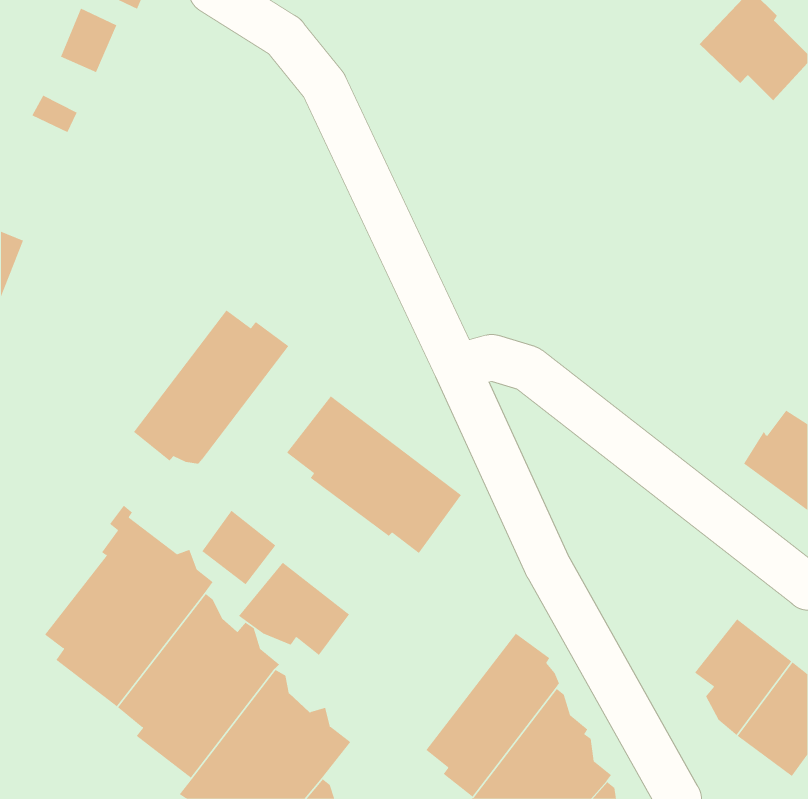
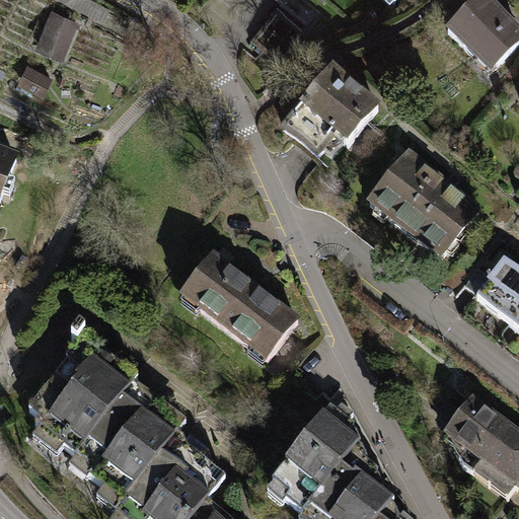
building: none -> [293,69,377,157]
building: none -> [370,152,477,255]
building: [133,309,289,465] -> none
building: [202,510,276,585] -> none
building: [238,562,350,656] -> none

